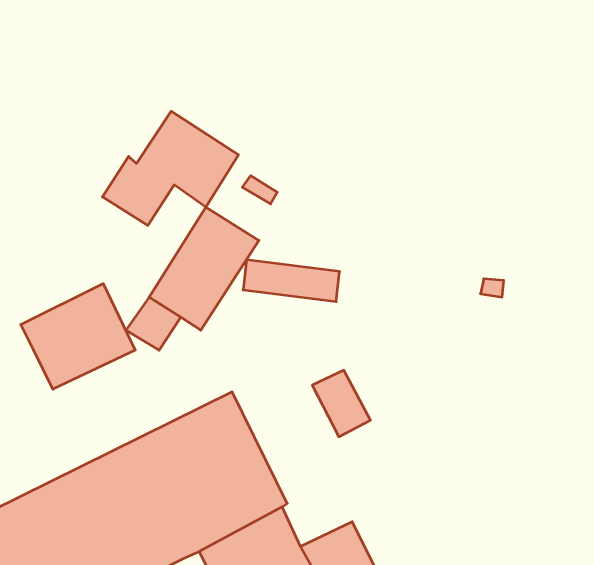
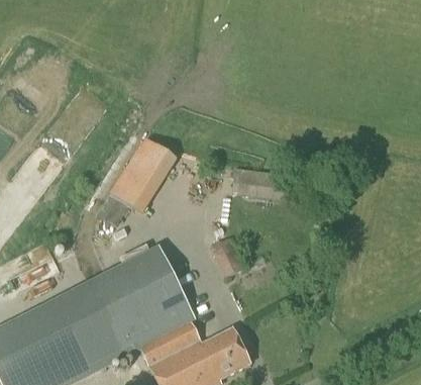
building: [102,111,238,225] -> none
building: [243,260,340,302] -> [231,171,290,196]
building: [21,284,135,389] -> none

